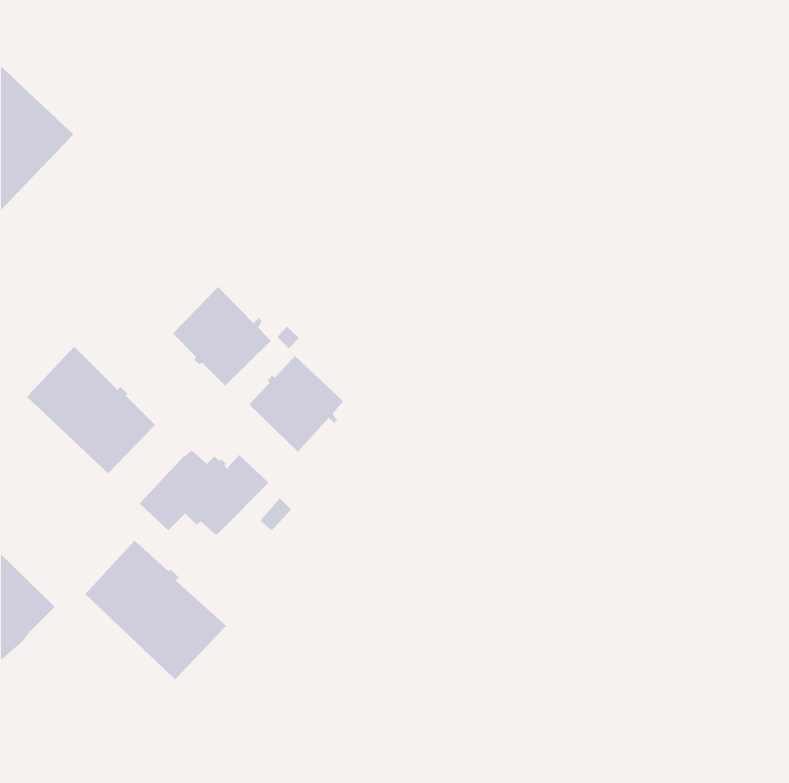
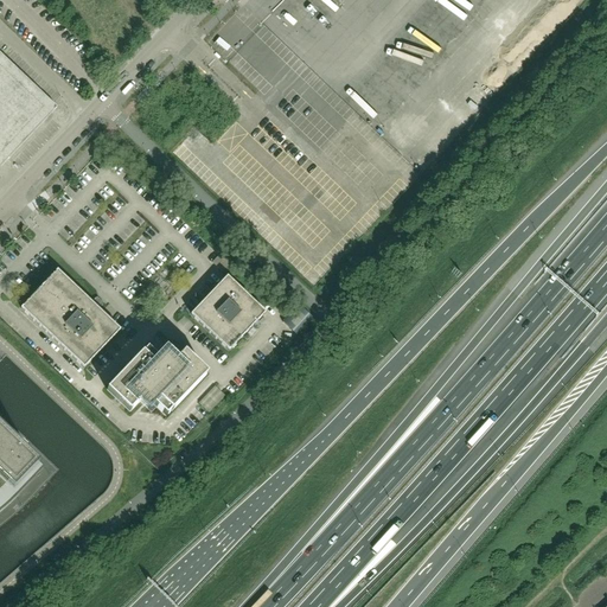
building: [172,286,271,387] -> none
building: [85,540,227,680] -> none

